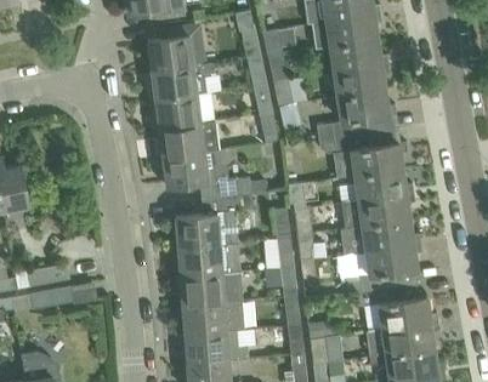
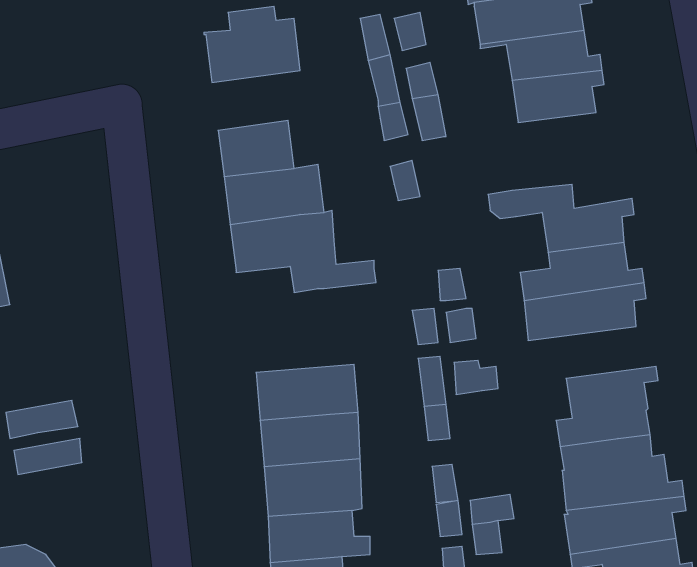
building: [147,62,214,99] -> none
building: [317,89,396,138] -> none
building: [175,192,252,246] -> none
building: [340,218,421,252] -> none

